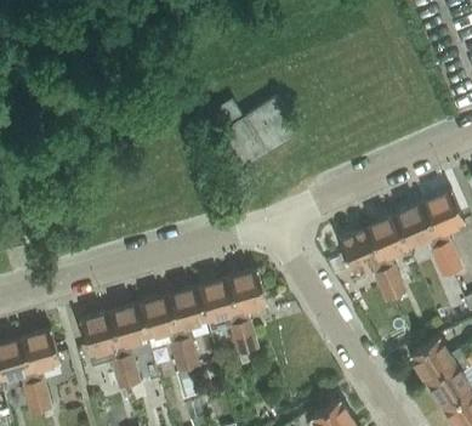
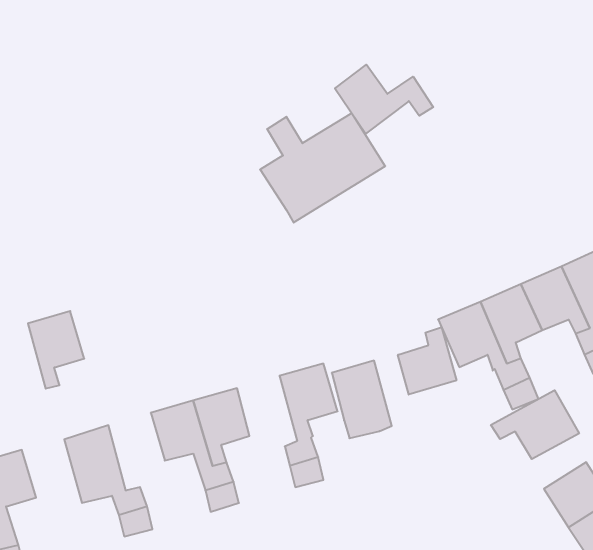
building: none -> [335,65,433,134]
building: none -> [398,327,456,395]
building: [198,279,239,333] -> [332,361,392,438]
building: none -> [491,390,579,459]
building: [109,305,148,358] -> [28,311,84,389]

